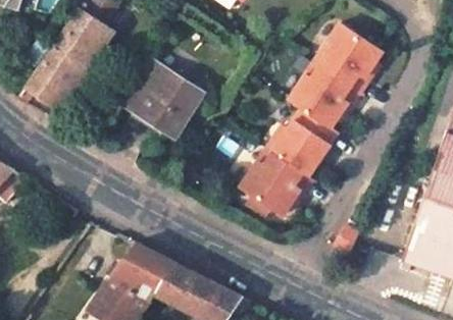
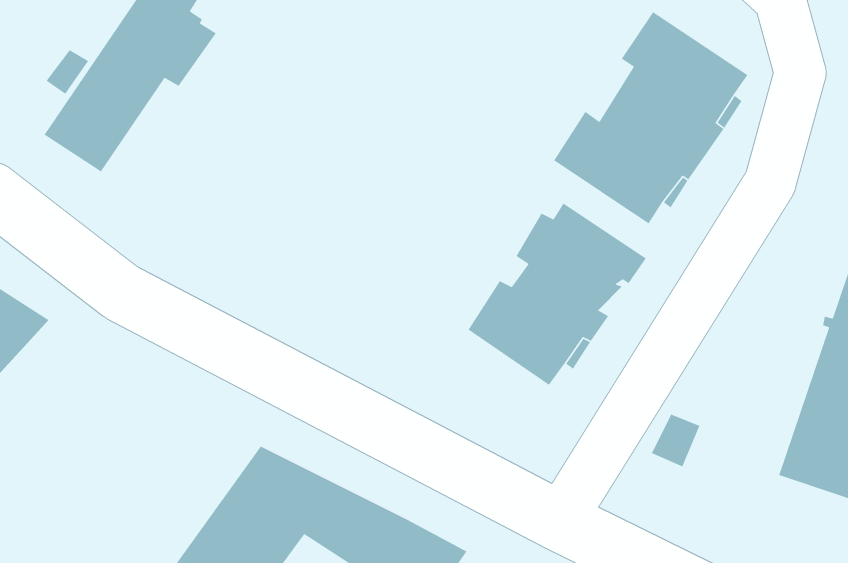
building: [124,63,203,137] -> none

